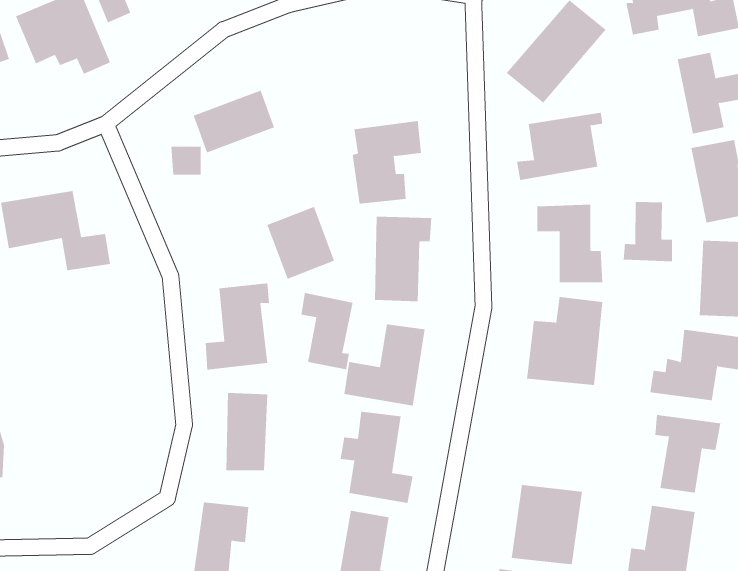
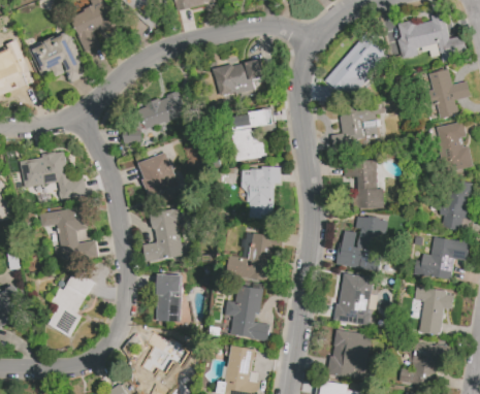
building: none -> [214,58,266,97]
building: [623,201,673,262] -> none
building: [267,206,335,280] -> [137,153,179,197]
building: none -> [39,206,98,264]
building: [301,292,353,370] -> none
building: none -> [47,271,94,337]
building: none -> [335,273,377,326]

